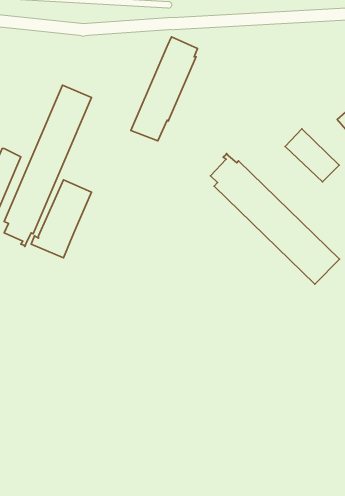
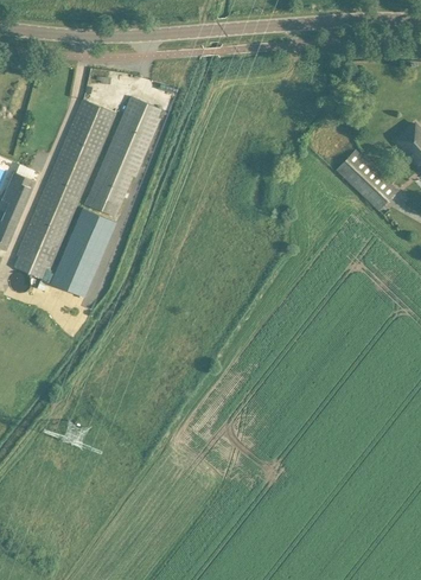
building: [131,37,197,141] -> [84,96,160,215]
building: [210,153,339,284] -> none

